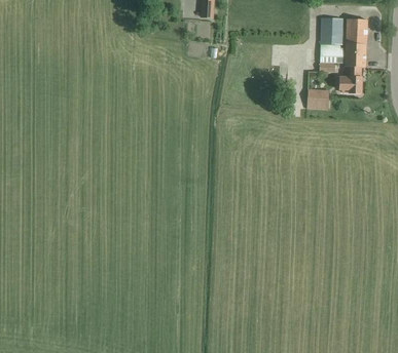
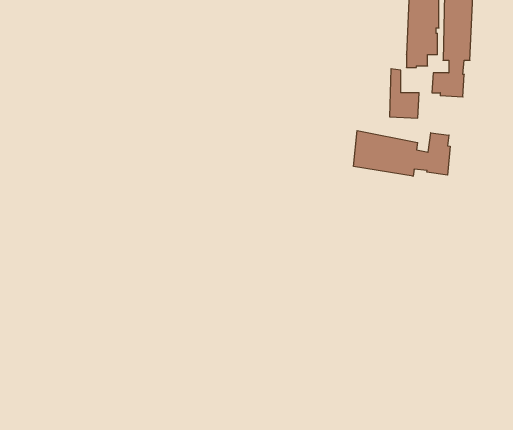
building: none -> [354,131,450,176]

